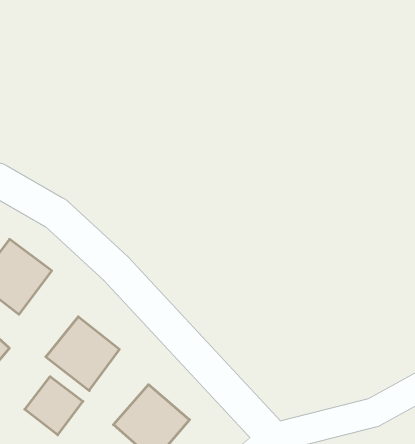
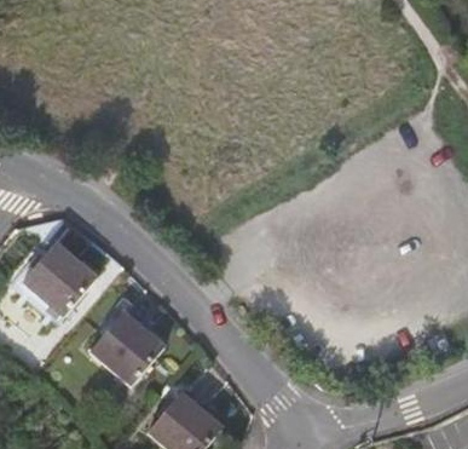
building: [25,377,83,435] -> none

